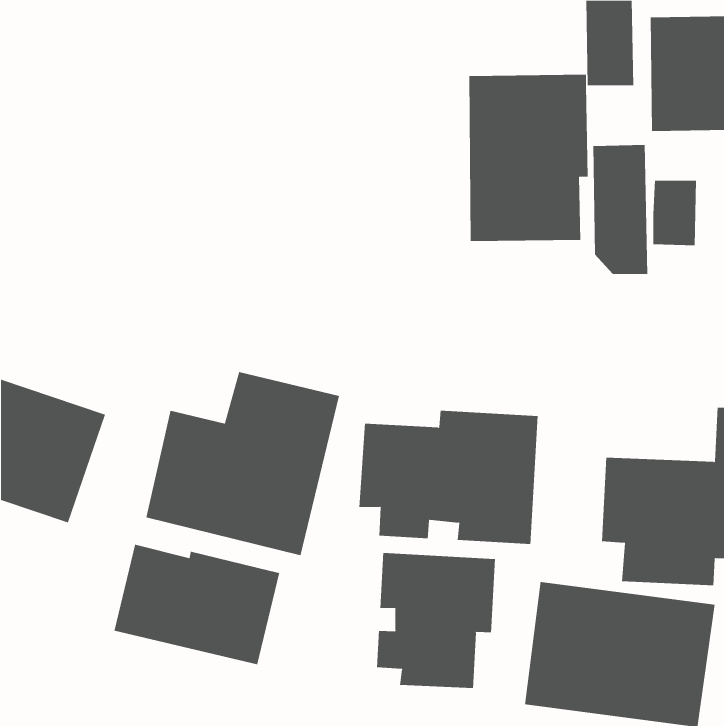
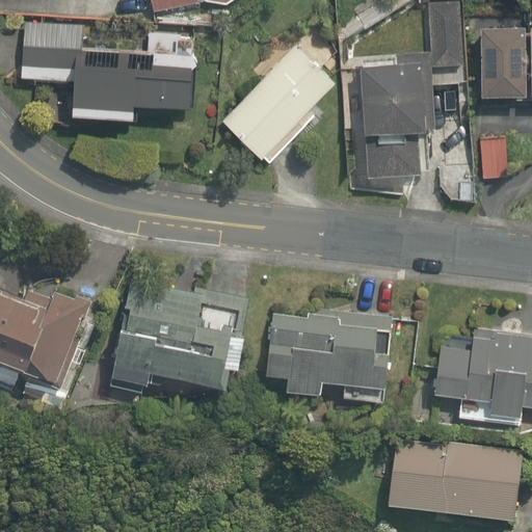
building: none -> [18,19,197,129]
building: none -> [222,43,335,166]
building: [114,544,280,665] -> none
building: [377,552,495,689] -> none

